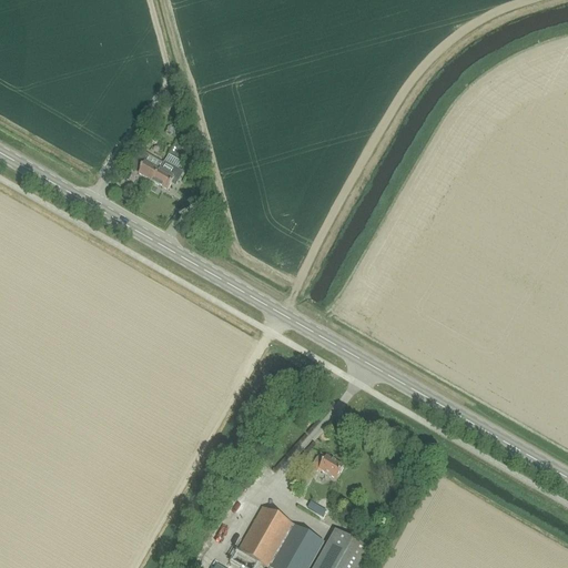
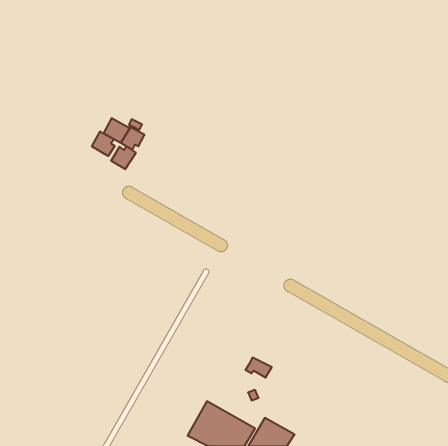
building: none -> [92,131,115,156]
building: none -> [111,146,136,169]

